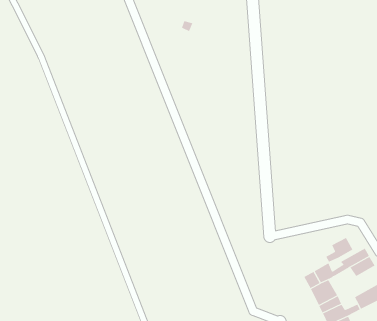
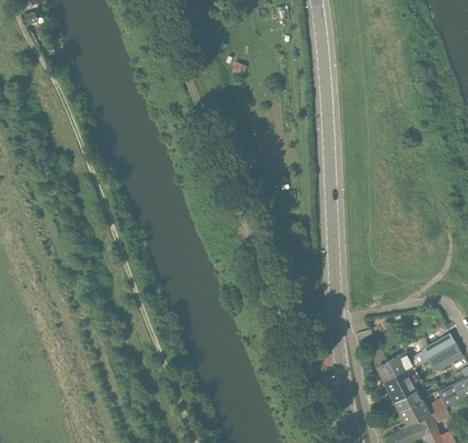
building: [326,237,353,263] -> none

